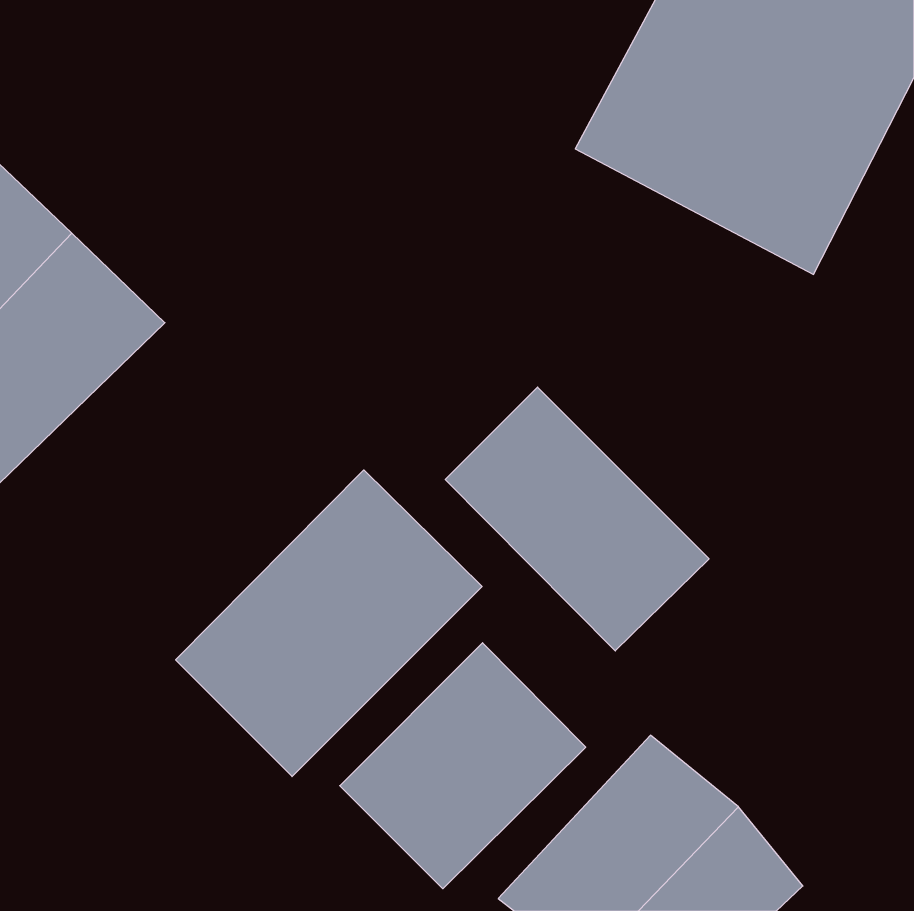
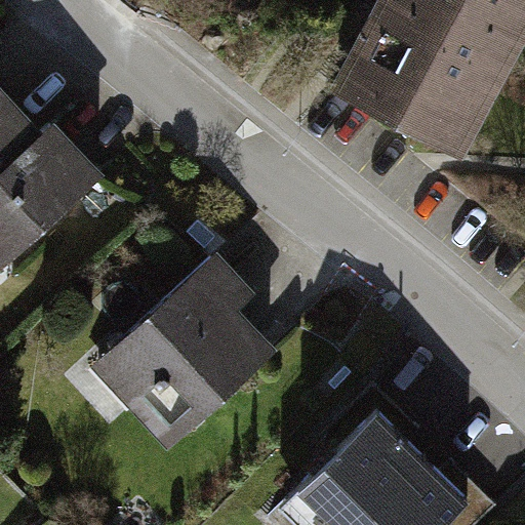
building: [445,387,709,651] -> none
building: [340,643,586,889] -> none

